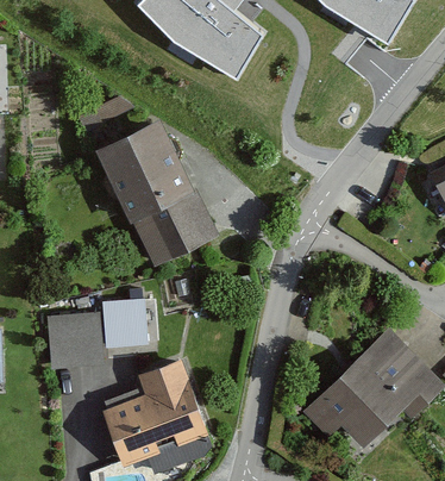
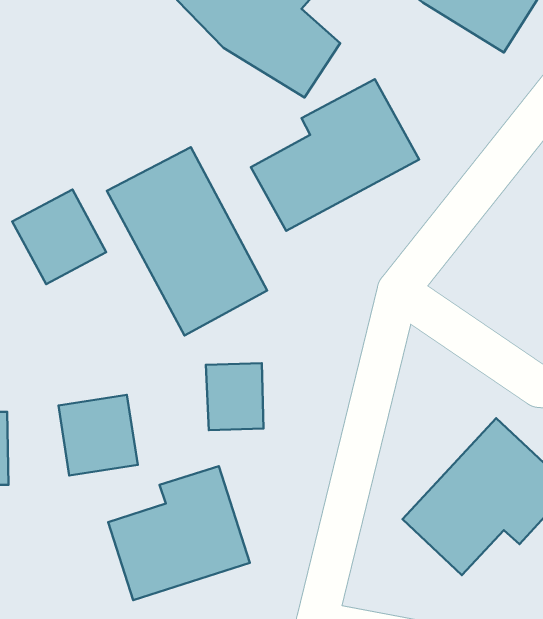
building: none -> [251,79,419,231]
building: none -> [12,189,106,284]
building: [112,298,156,349] -> [206,363,263,430]

